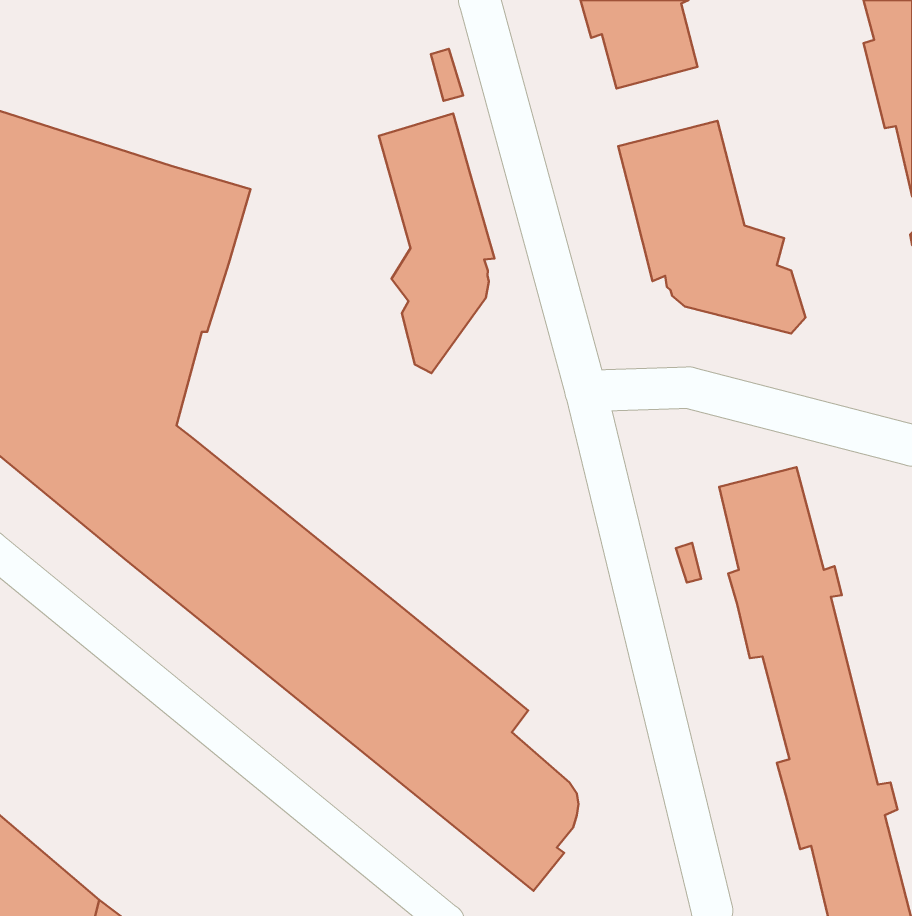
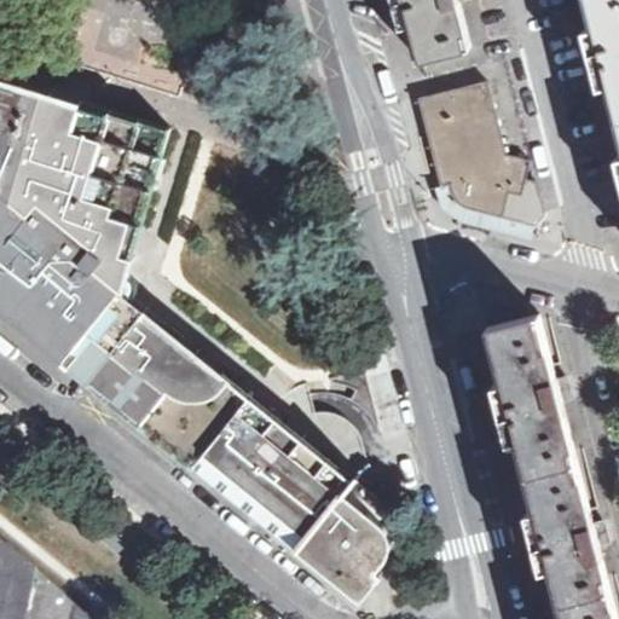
building: [379,114,495,373] -> none

